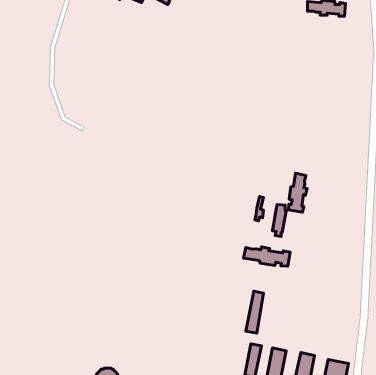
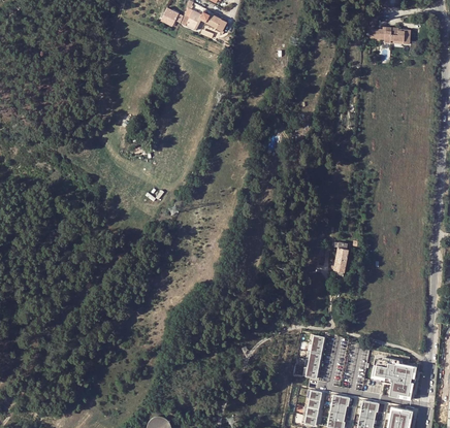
building: [289,173,307,212] -> none
building: [243,247,290,266] -> none
building: none -> [374,359,416,399]

